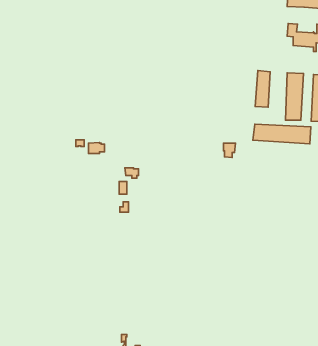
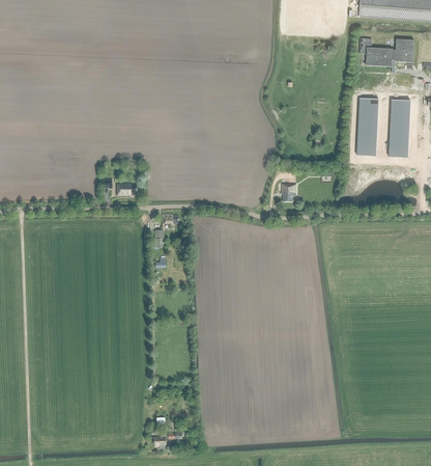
building: [255,71,270,107] -> none
building: [253,124,311,144] -> none

